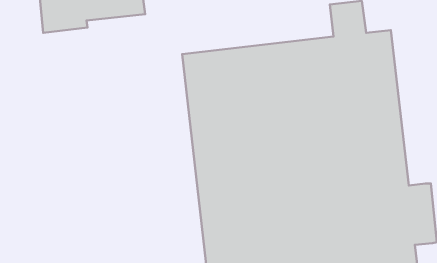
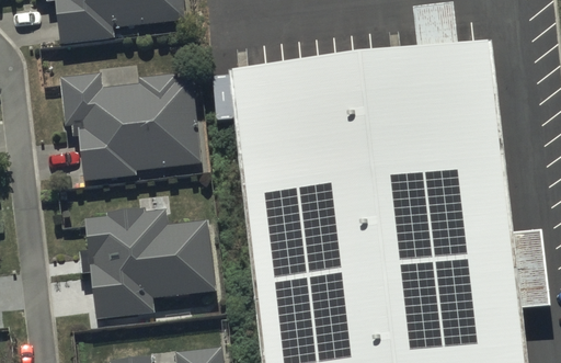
building: none -> [59,72,199,180]
building: none -> [78,206,215,317]

